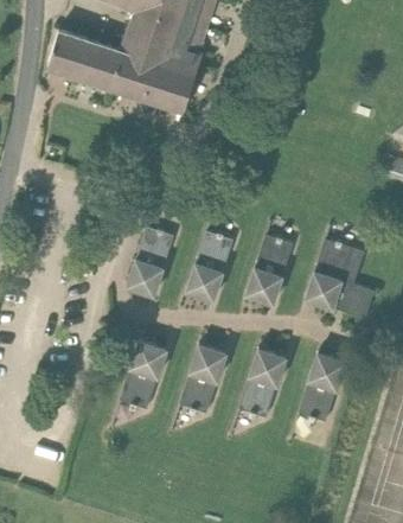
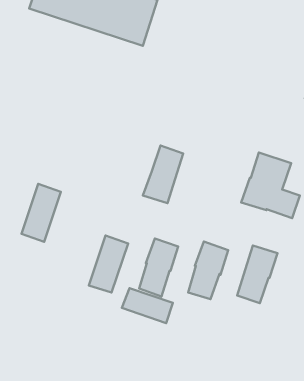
building: [127,227,174,296] -> [22,184,61,242]
building: [244,235,293,305] -> none
building: none -> [122,288,173,323]

